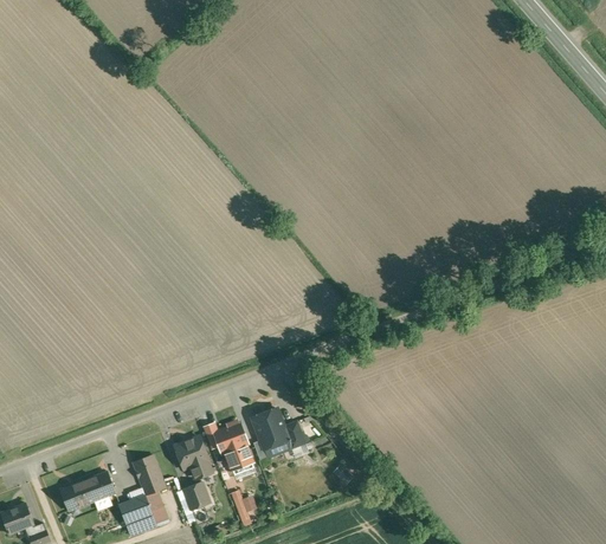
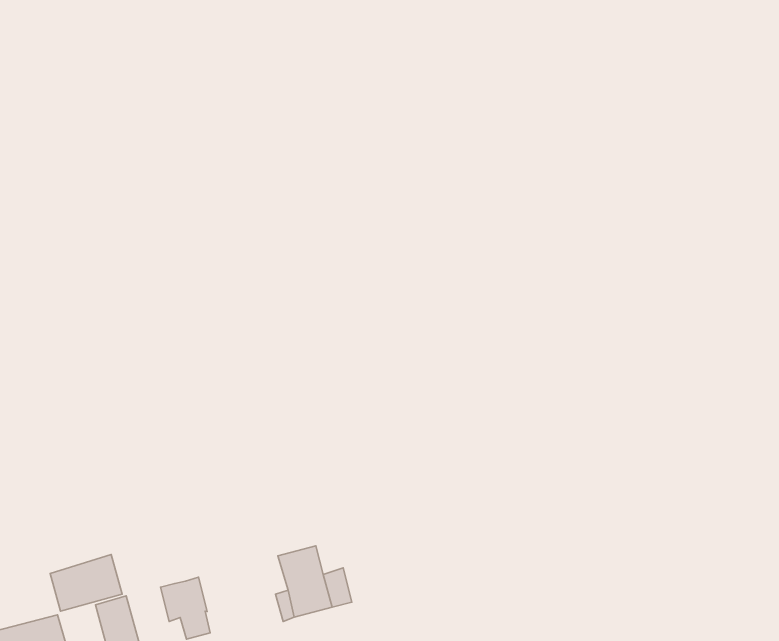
building: [214,422,252,466] -> none
building: none -> [50,555,122,611]

